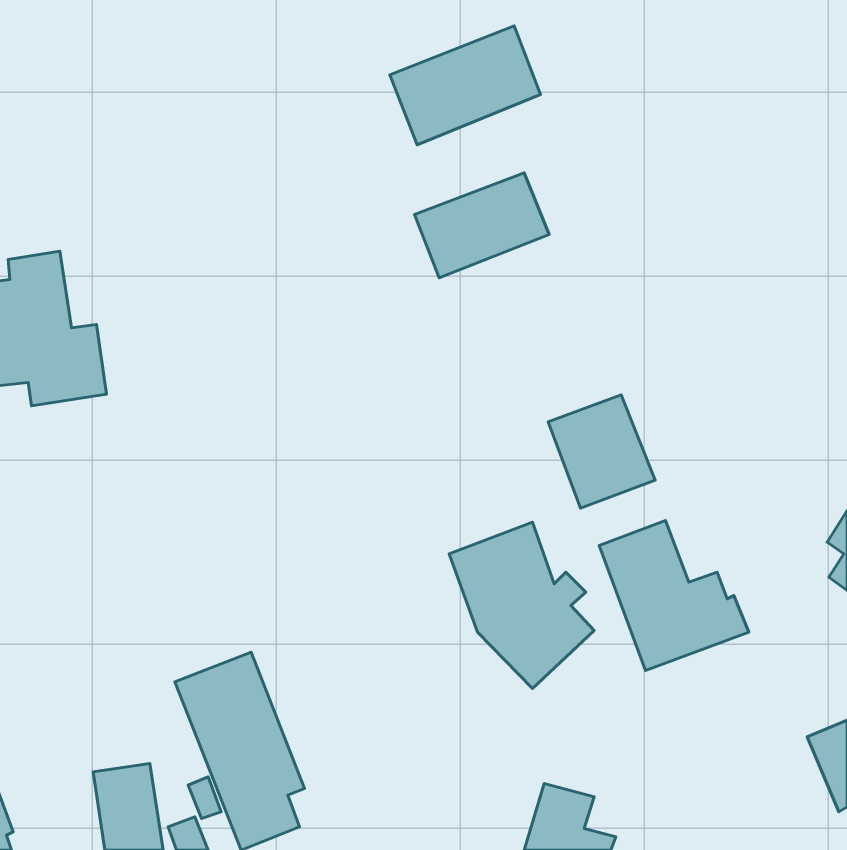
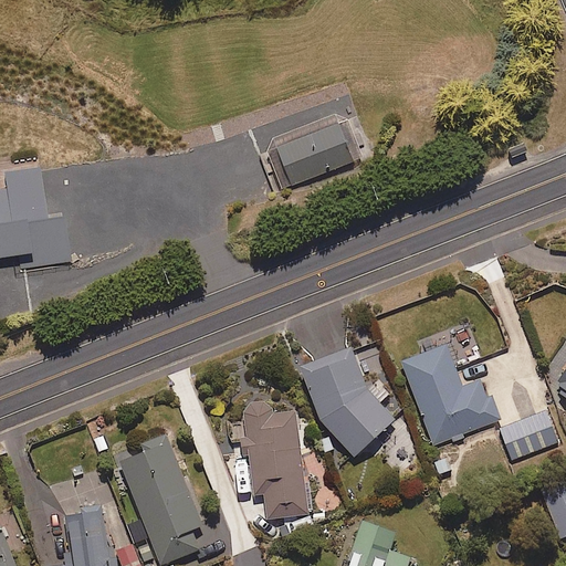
building: [390,26,540,145] -> none
building: [548,395,655,508] -> none
building: none -> [244,399,307,518]
building: none -> [494,411,556,462]

